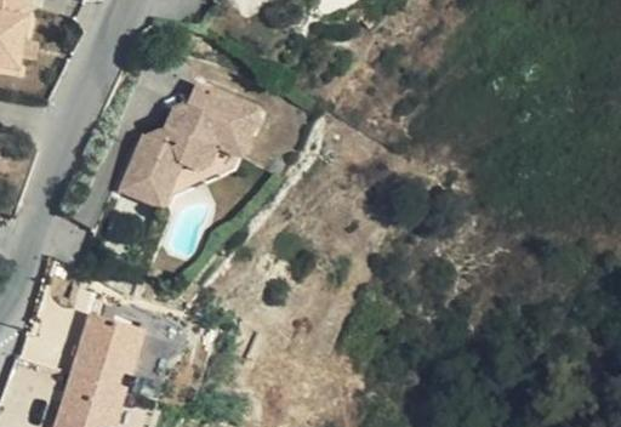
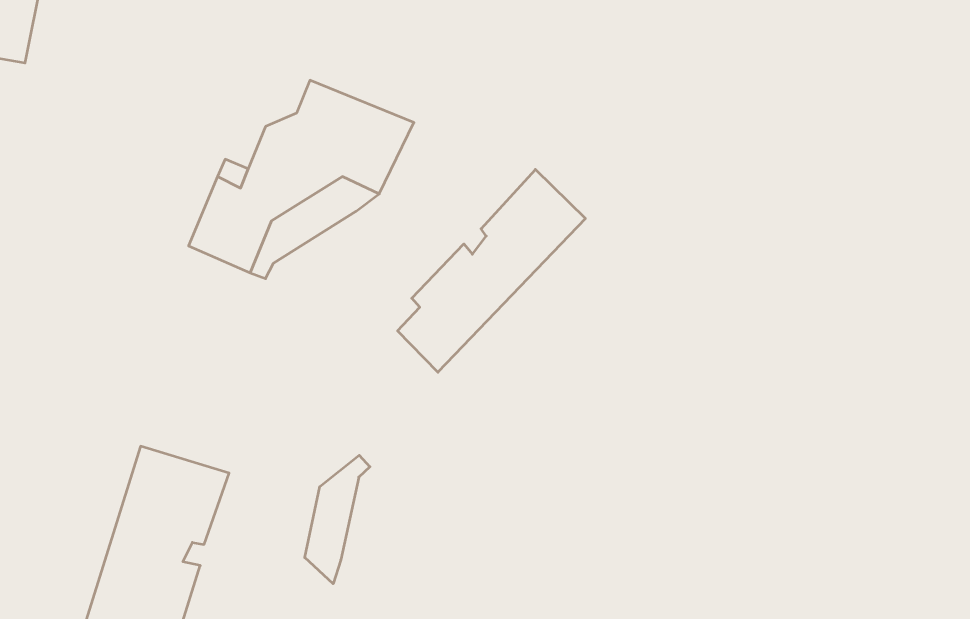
building: none -> [398,169,585,372]
building: none -> [305,455,370,584]

